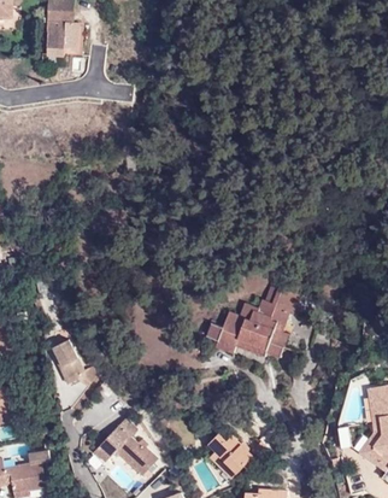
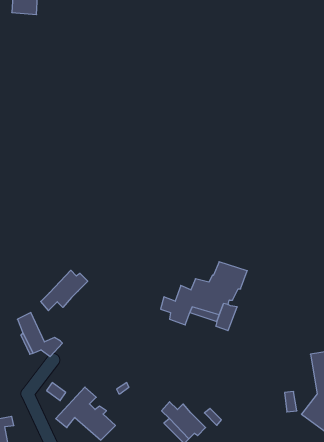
building: [47,19,78,54] -> none
building: none -> [41,270,88,311]

